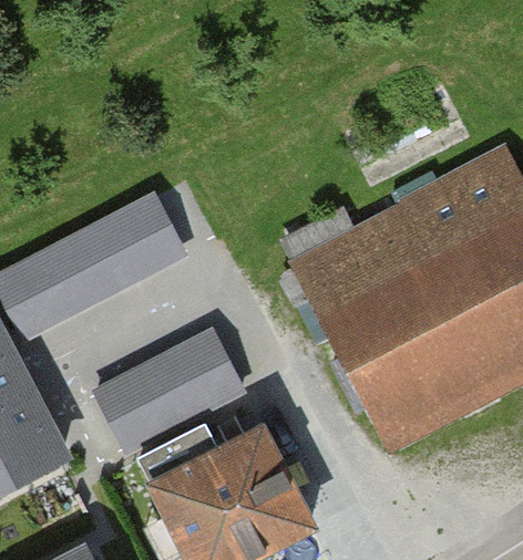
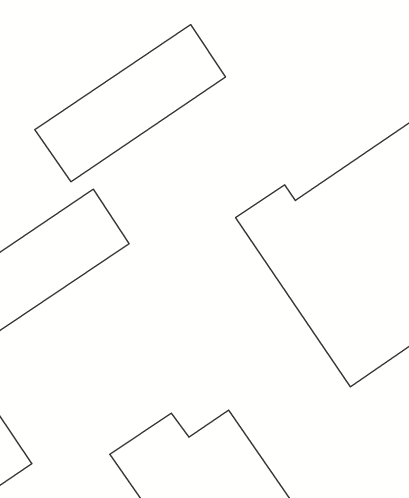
building: none -> [35,25,225,182]
building: [101,333,243,448] -> none

